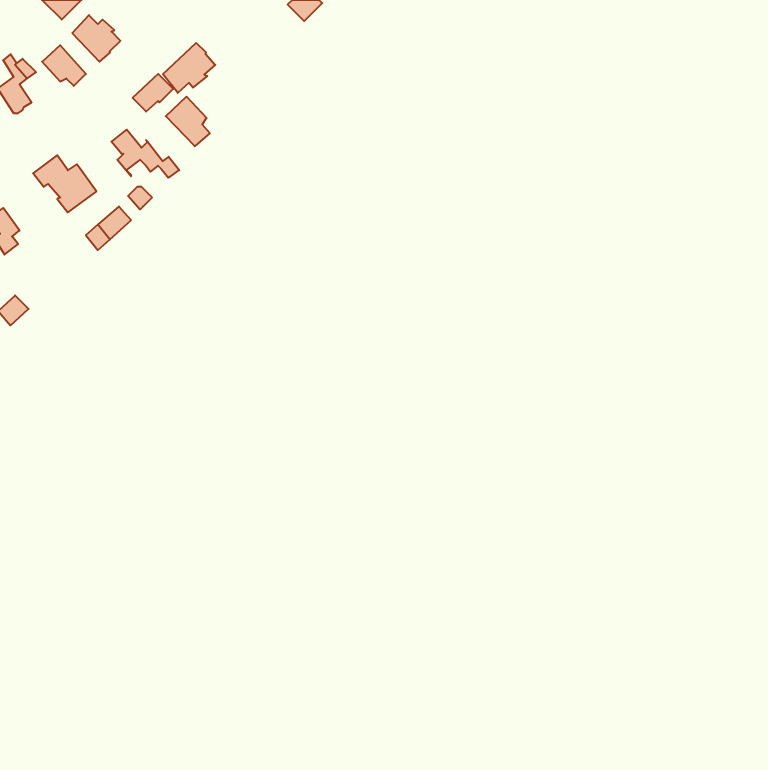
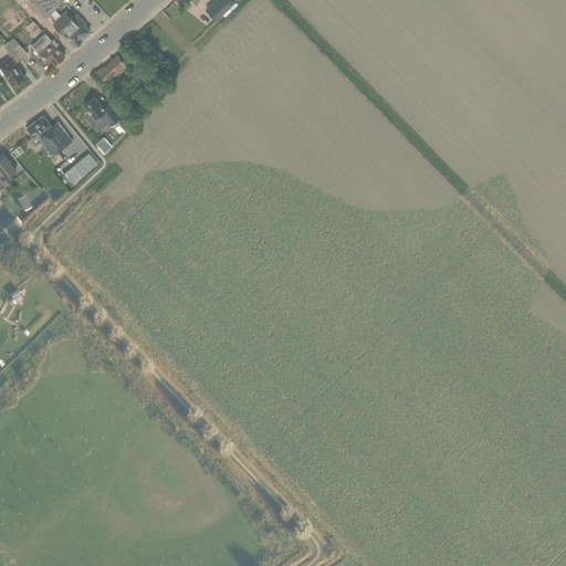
building: [163,43,215,93] -> none
building: [166,97,210,146] -> none

